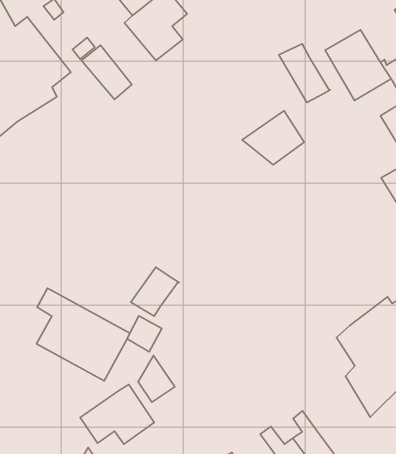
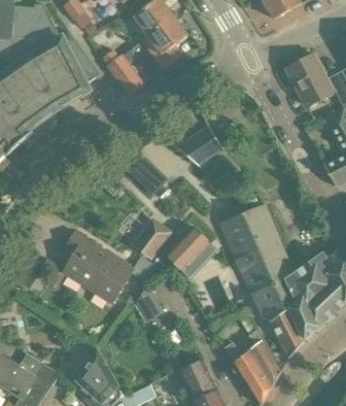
building: [279,44,330,103] -> none
building: [242,111,304,165] -> [175,126,220,165]
building: none -> [219,208,305,357]
building: none -> [164,227,208,272]
building: [80,384,154,444] -> none

